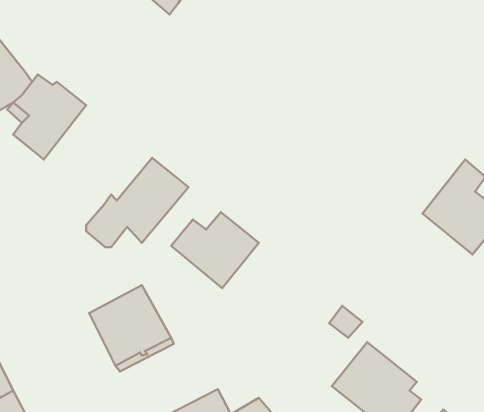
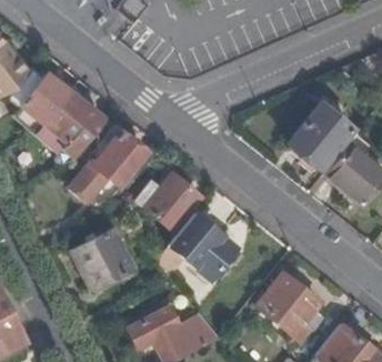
building: none -> [38,92,104,164]
building: none -> [288,103,352,169]
building: none -> [155,214,238,281]

